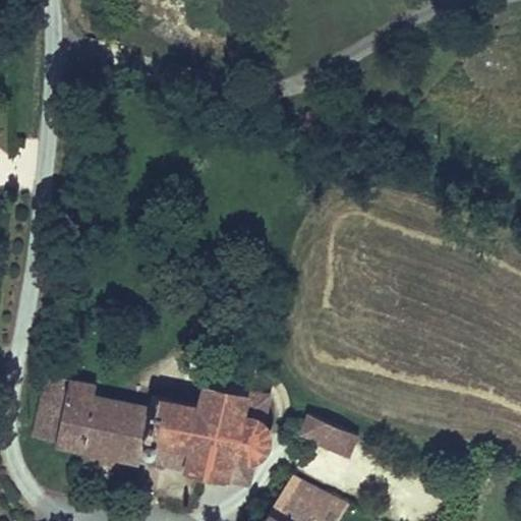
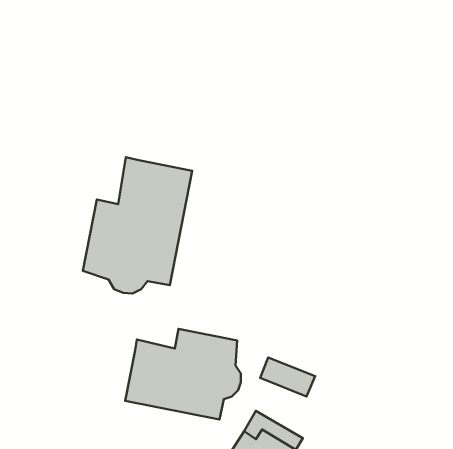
building: none -> [83,157,192,293]
building: [31,372,155,467] -> none

